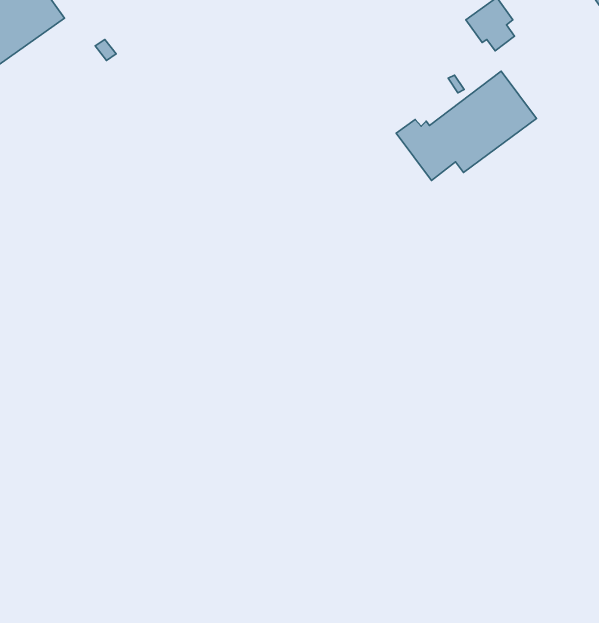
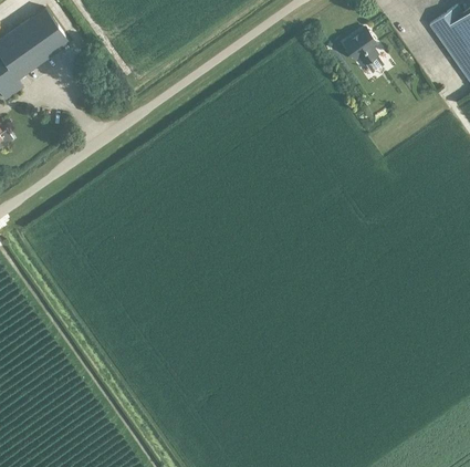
building: [396,71,537,180] -> none

